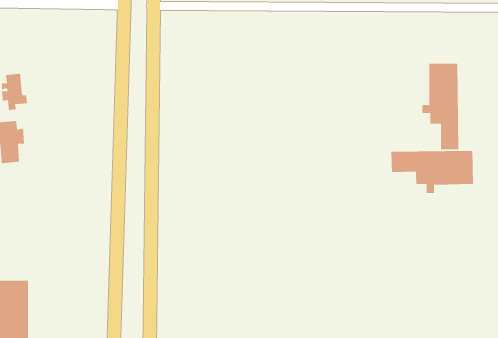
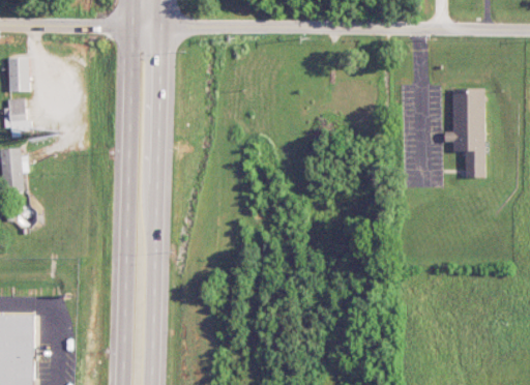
building: none -> [7,57,30,91]
building: [391,150,473,194] -> none

